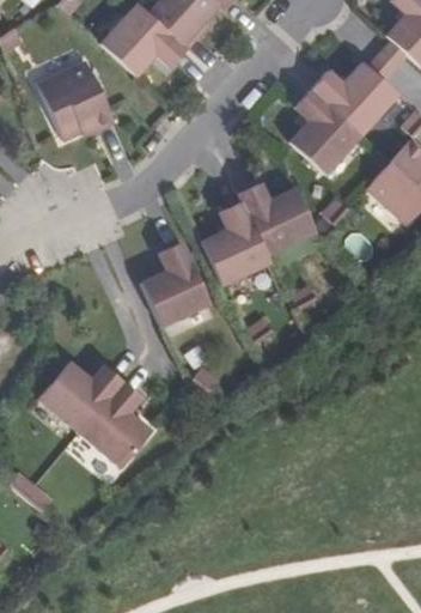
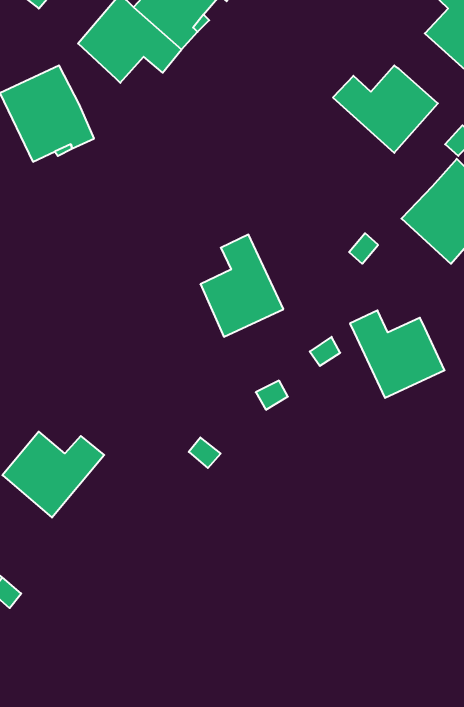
building: [289,87,361,172] -> none
building: [238,182,316,254] -> [350,310,445,398]
building: [141,241,211,324] -> none
building: [80,381,152,467] -> none

